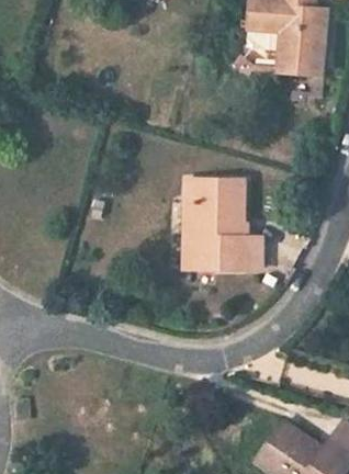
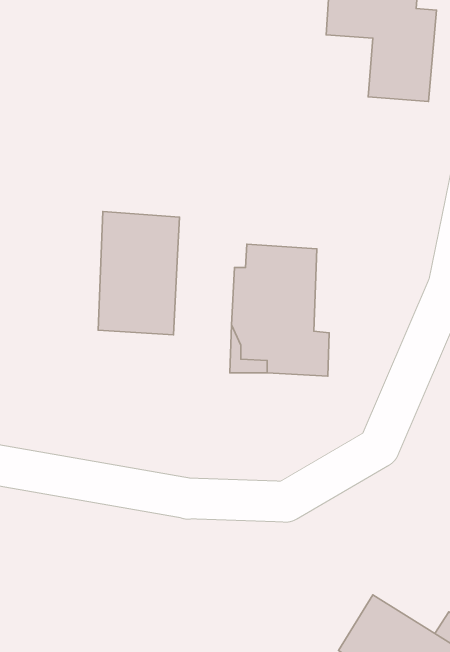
building: none -> [98,212,180,335]

